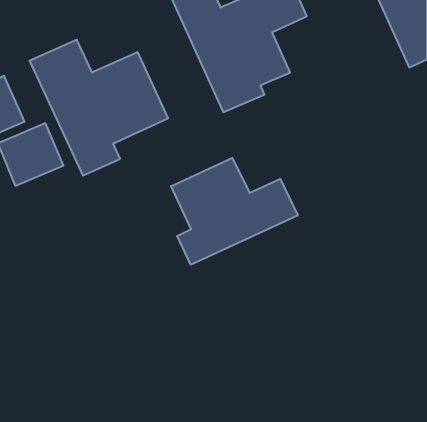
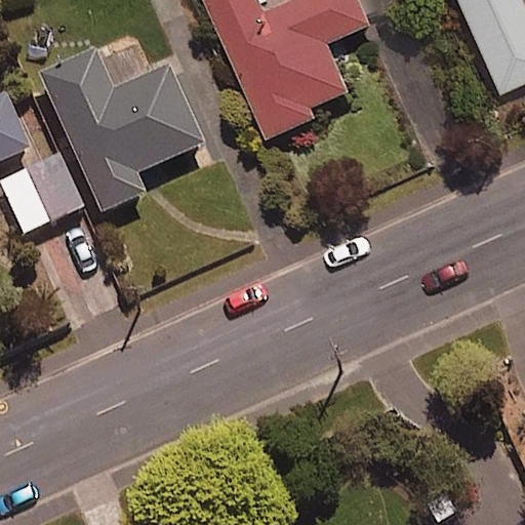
building: [171,158,298,265] -> none

